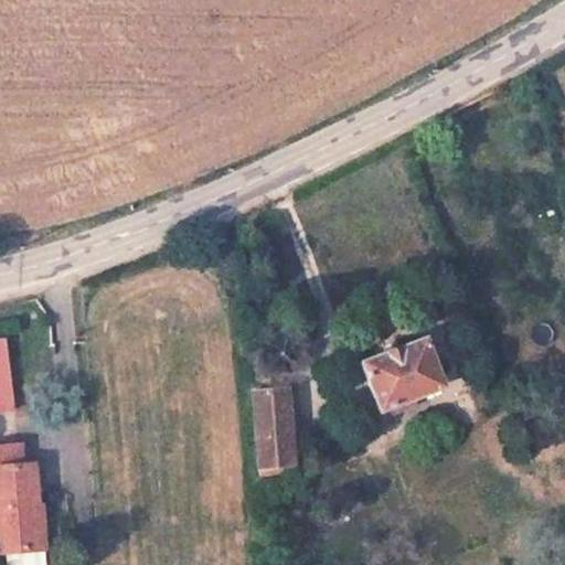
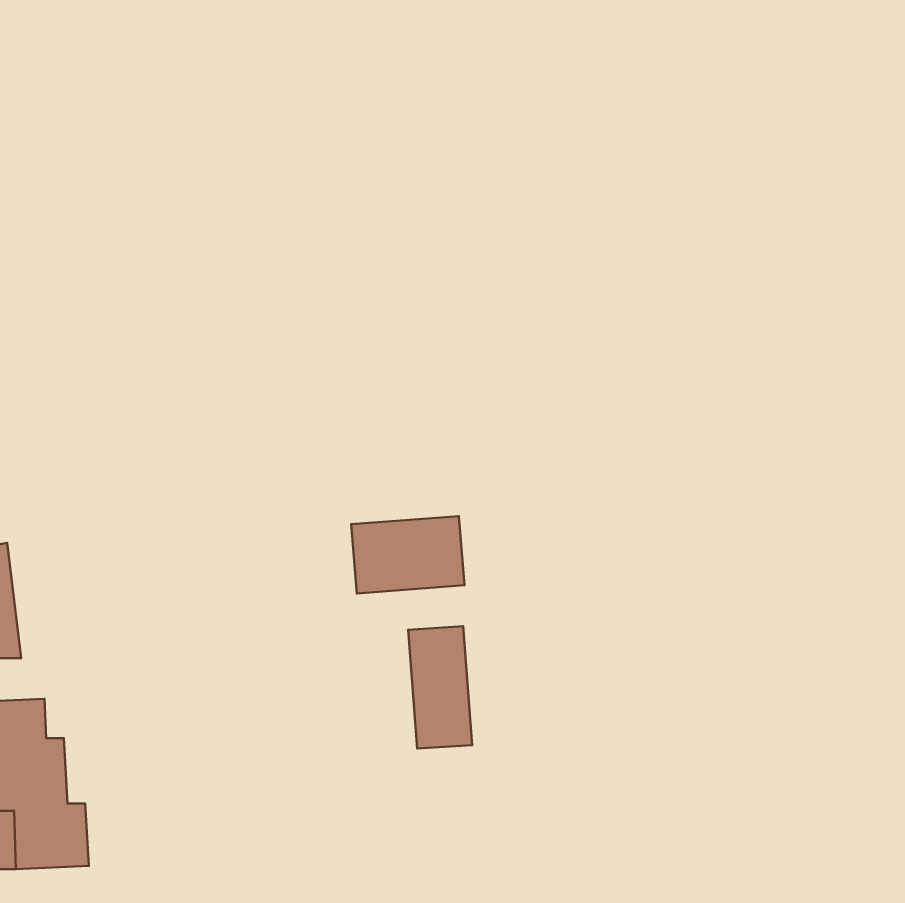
building: none -> [351,516,465,593]
building: [365,348,437,409] -> none

